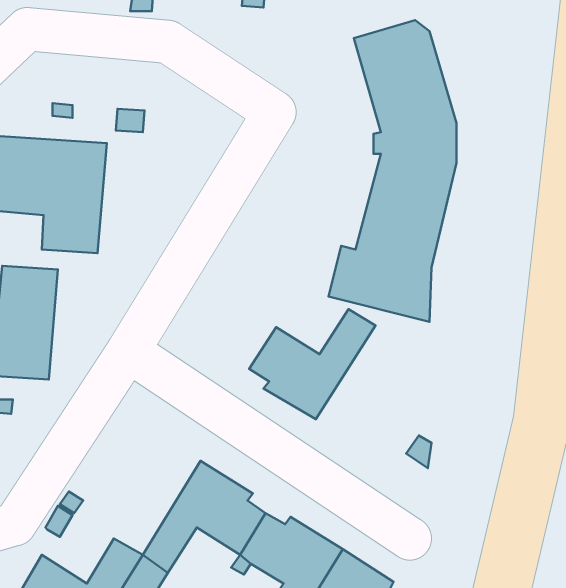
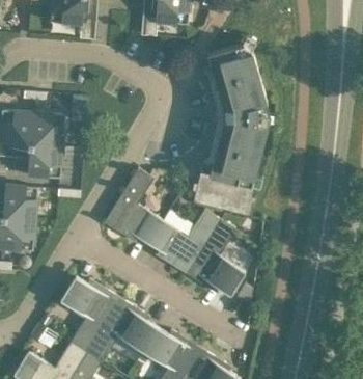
building: none -> [105,168,164,244]
building: none -> [187,219,246,295]
building: none -> [61,276,120,351]

